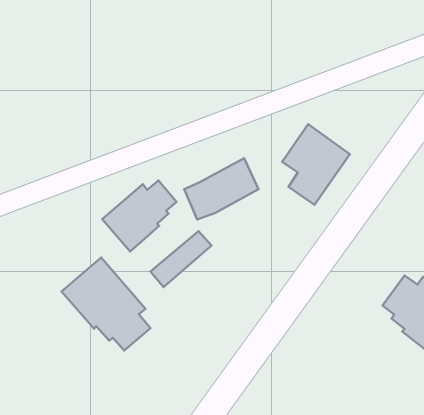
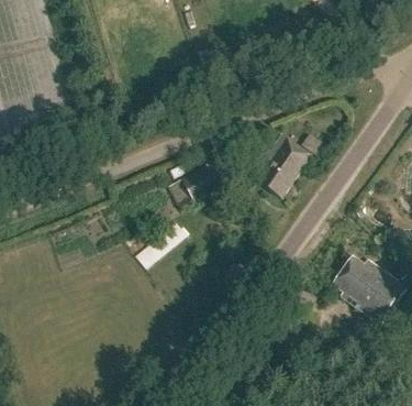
building: [102,180,176,252] -> none
building: [61,257,150,351] -> none

